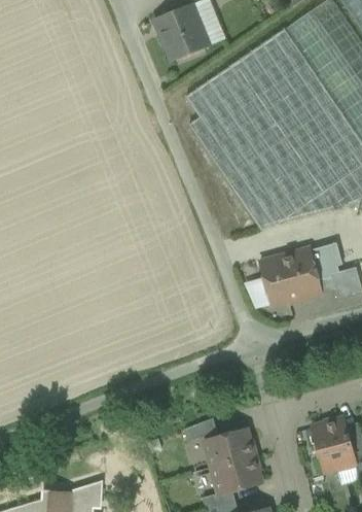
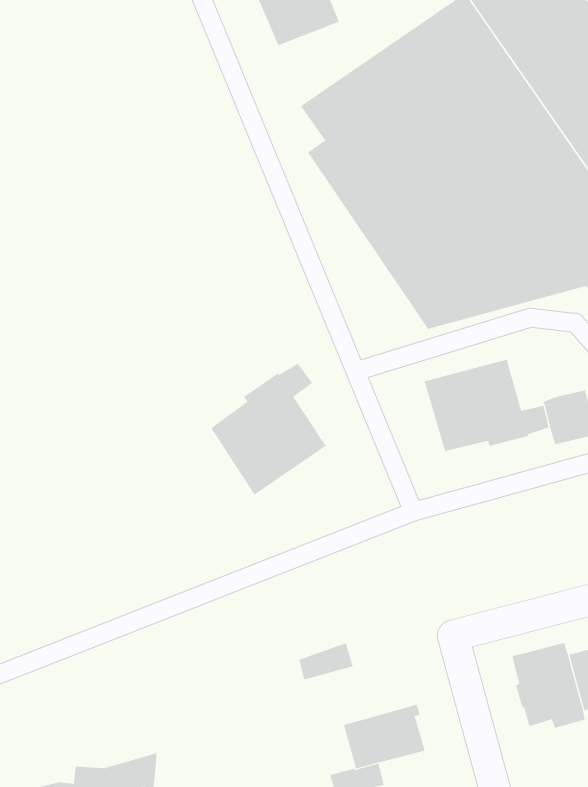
building: [310,243,342,279] -> none
building: none -> [210,363,327,496]
building: [204,430,255,468] -> none

